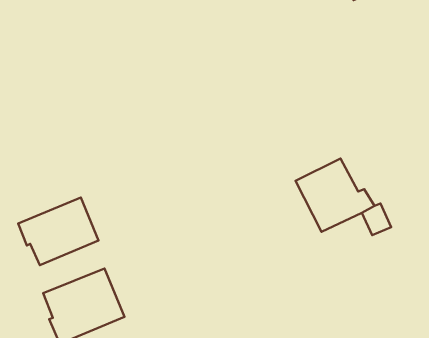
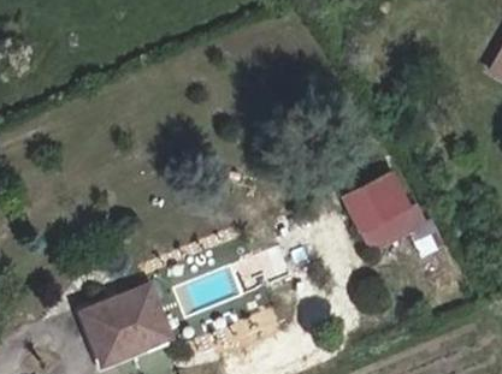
building: [18,198,98,265] -> none

